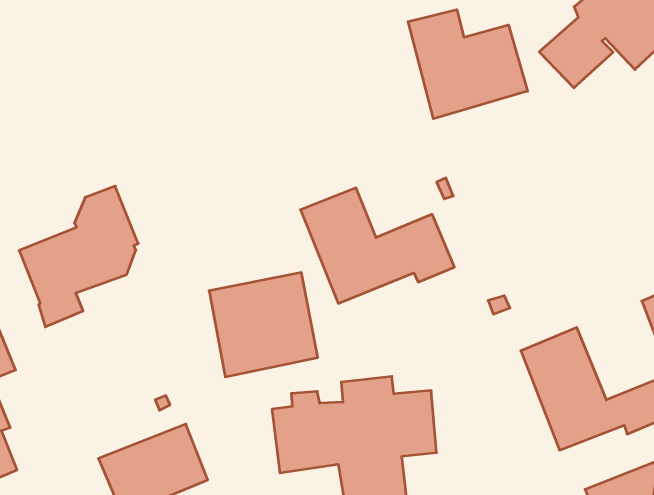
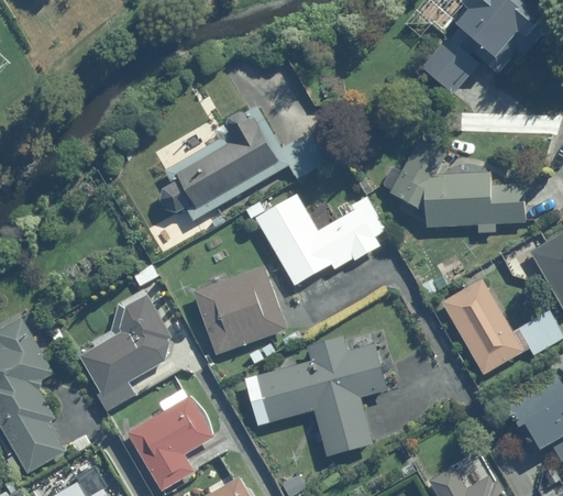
building: [408,10,528,119] -> none
building: none -> [159,107,324,221]
building: none -> [380,137,527,232]
building: [19,186,138,327] -> [79,295,170,411]

